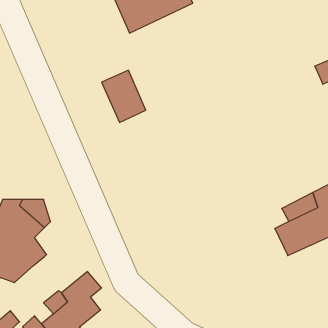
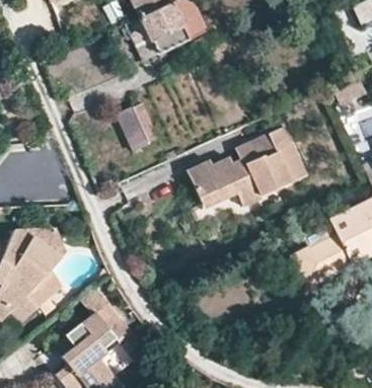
building: none -> [192,133,310,215]

